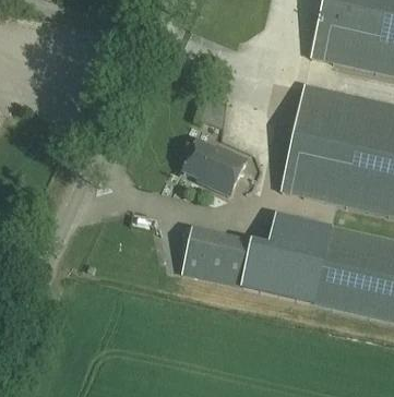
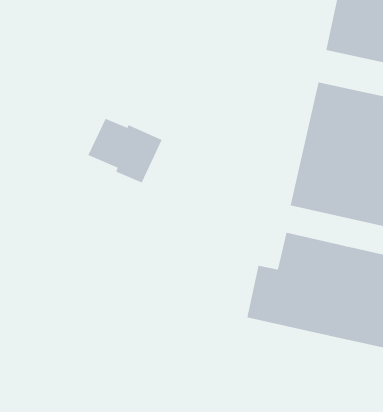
building: [182,140,247,195] -> [87,118,163,183]
building: [181,228,253,287] -> none

